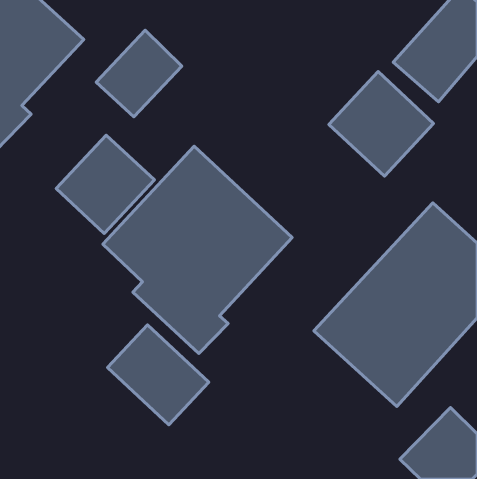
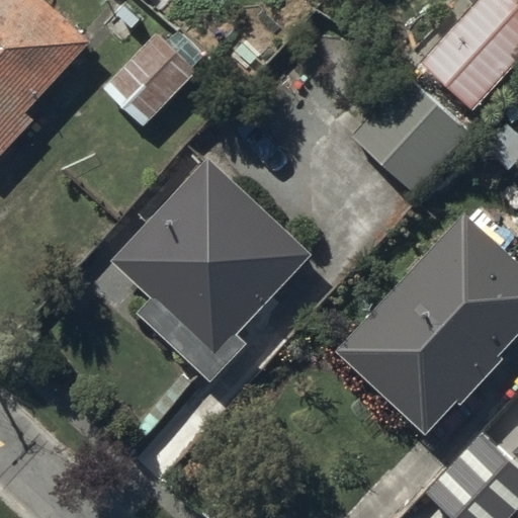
building: [56,135,154,233] -> none
building: [108,325,209,425] -> none

